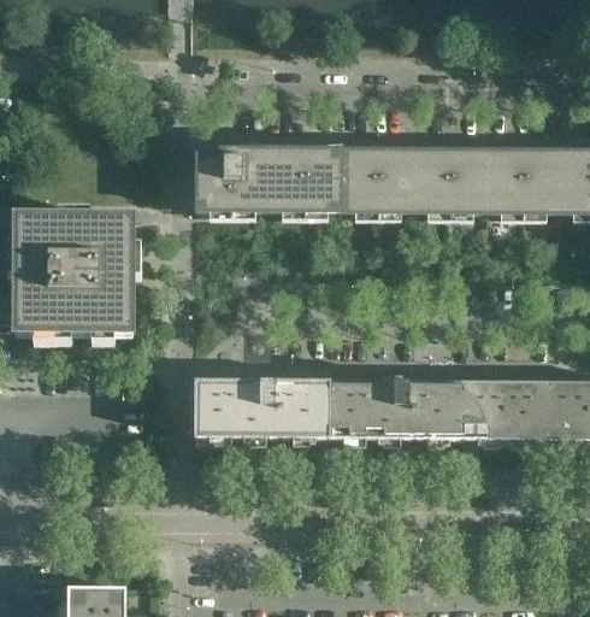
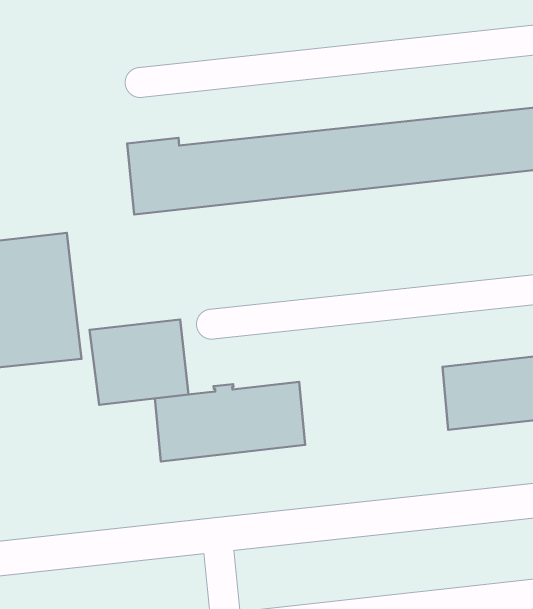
building: none -> [89,320,189,405]
building: [326,374,459,436] -> none

